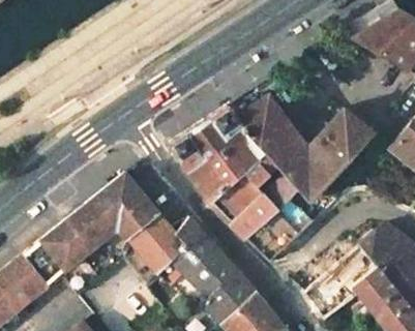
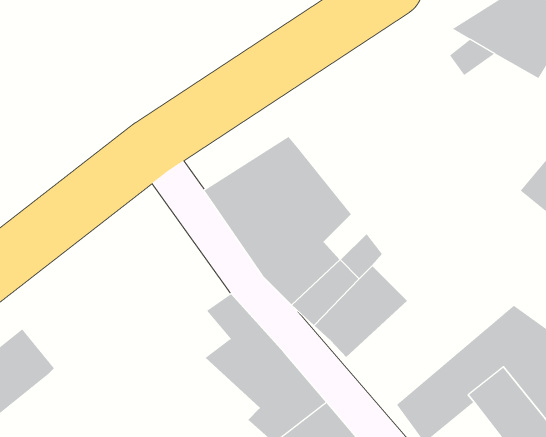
building: [235,92,373,201] -> none
building: [41,175,187,296] -> none

